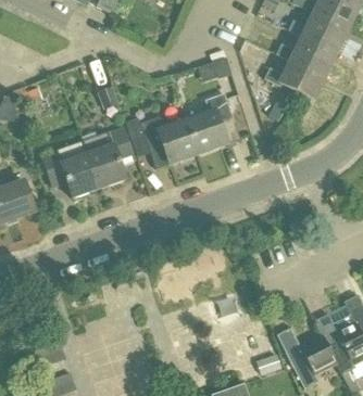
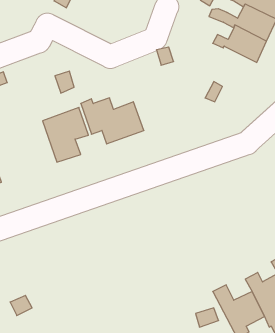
building: [264,56,326,100] -> none
building: [186,92,239,152] -> none
building: [41,141,99,197] -> none

